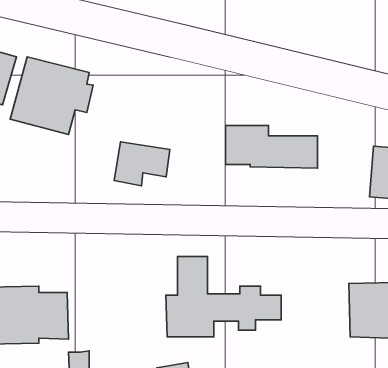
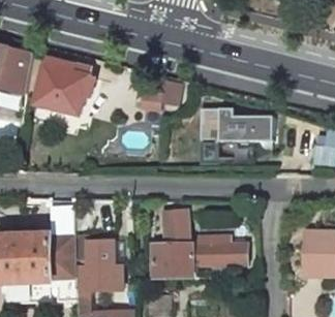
building: [114,142,170,186] -> [139,76,183,112]
building: none -> [85,239,124,289]

